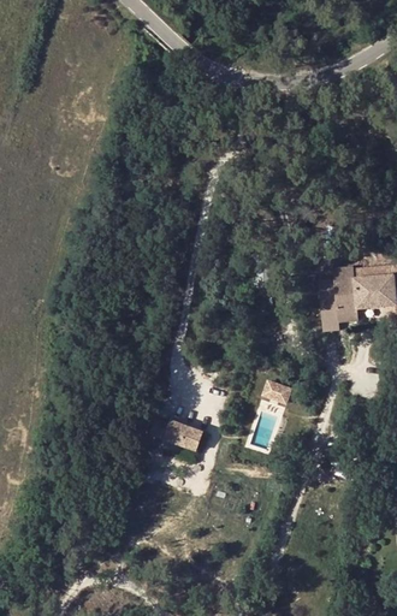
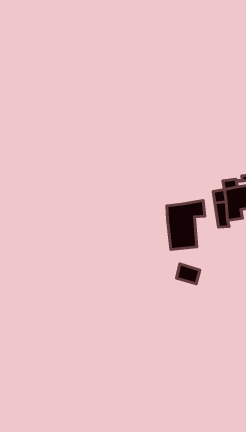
building: none -> [167,201,205,249]
building: [148,419,201,455] -> none

